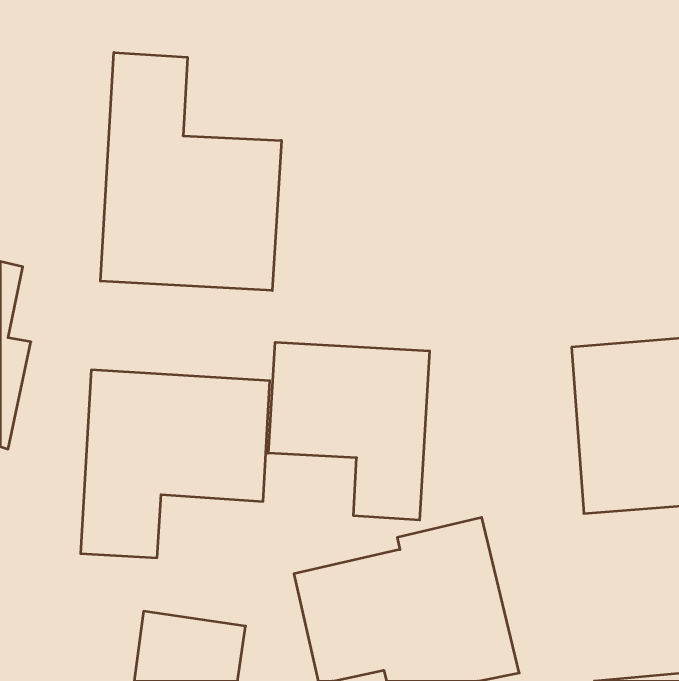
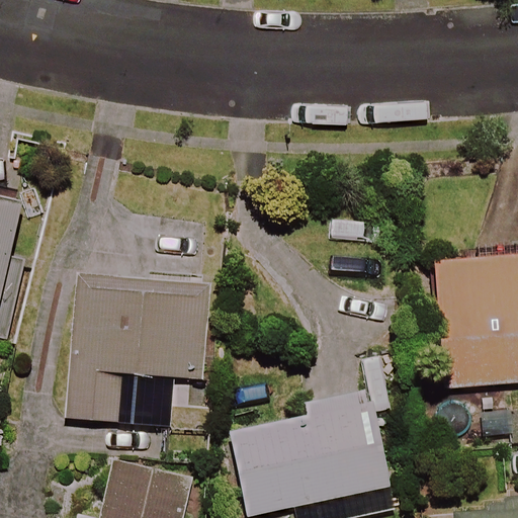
building: [100,52,281,291] -> none
building: [268,342,430,520] -> none

